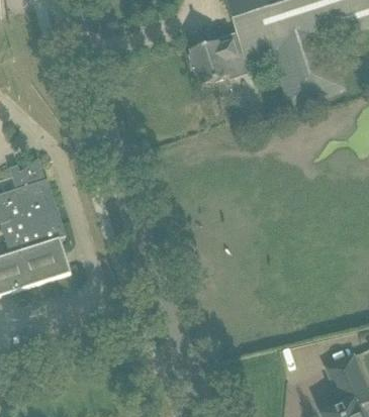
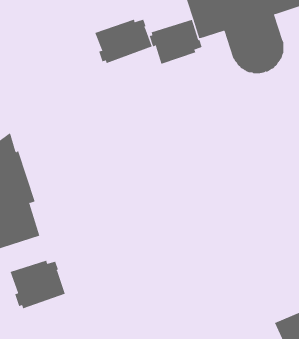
building: none -> [95,19,152,64]
building: none -> [10,260,66,309]

